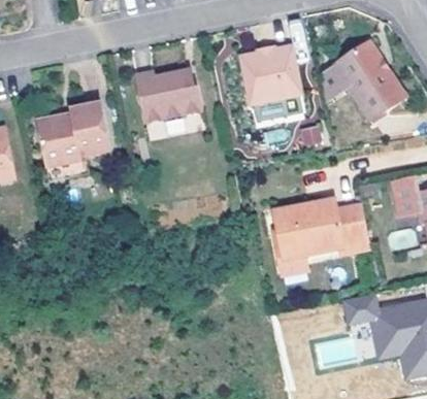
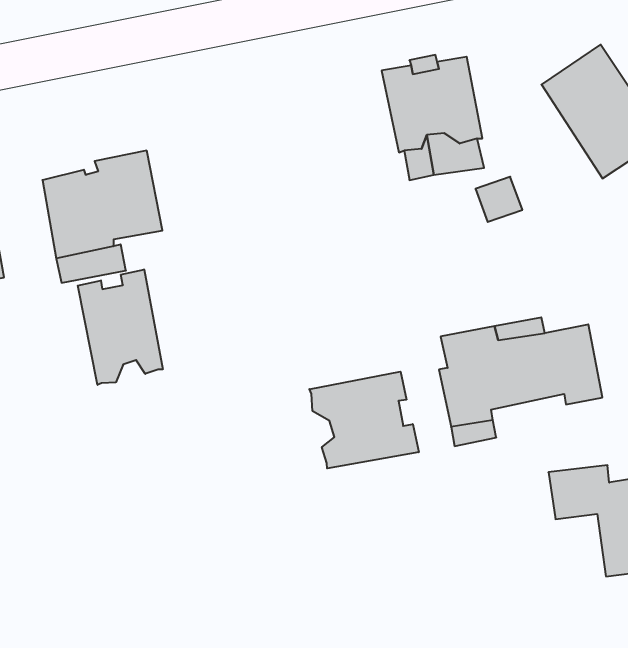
building: [135,70,202,122] -> none
building: none -> [78,269,163,385]
building: none -> [309,372,419,468]

